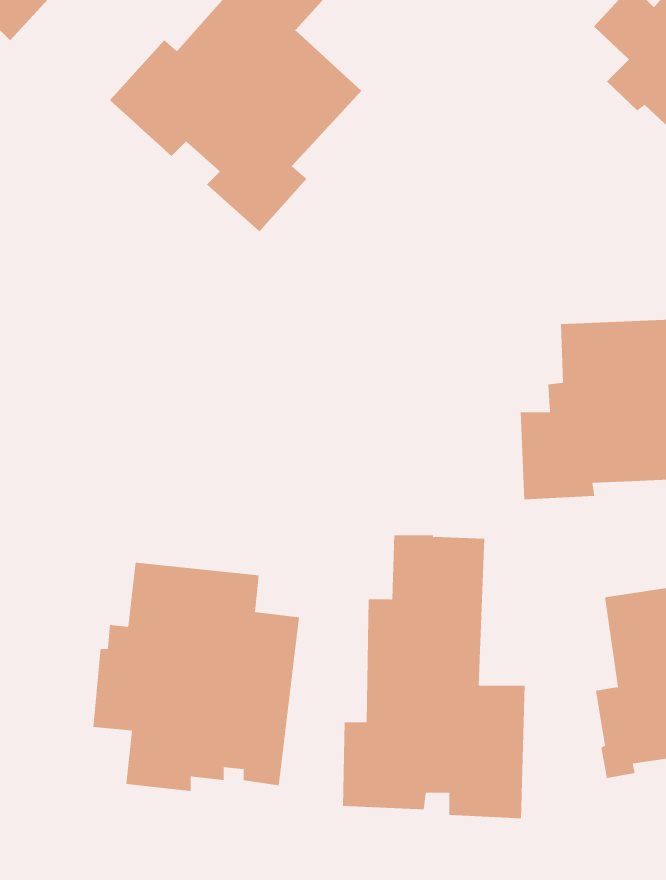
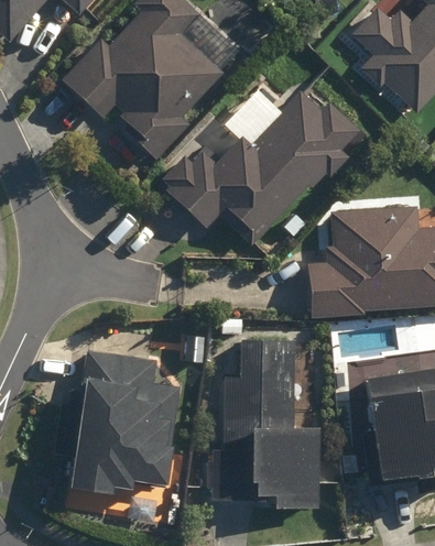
building: none -> [165,89,365,241]

